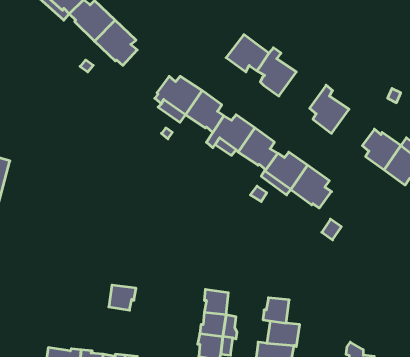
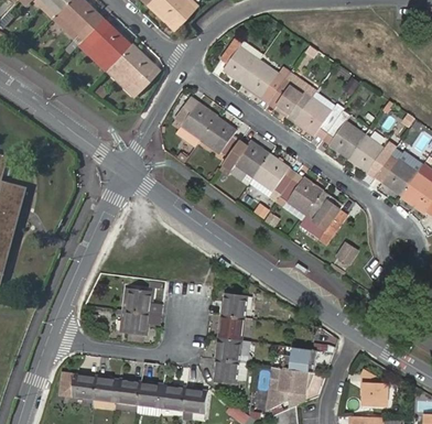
building: none -> [217,37,259,83]
building: none -> [294,97,342,134]
building: none -> [347,134,393,172]
building: none -> [127,287,152,314]
building: [263,298,289,323] -> [220,293,247,318]

